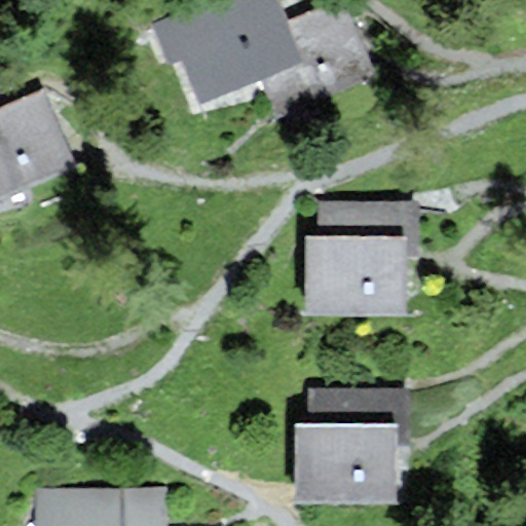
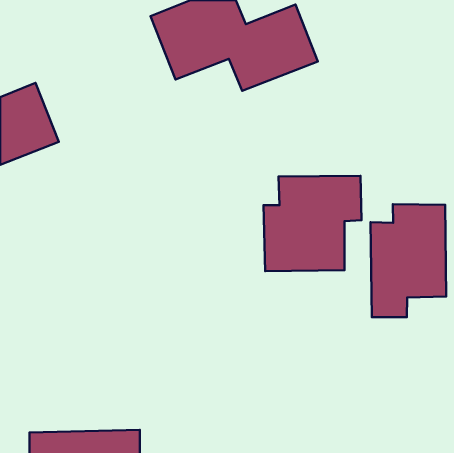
building: none -> [371,204,446,317]
building: [291,393,415,503] -> none

